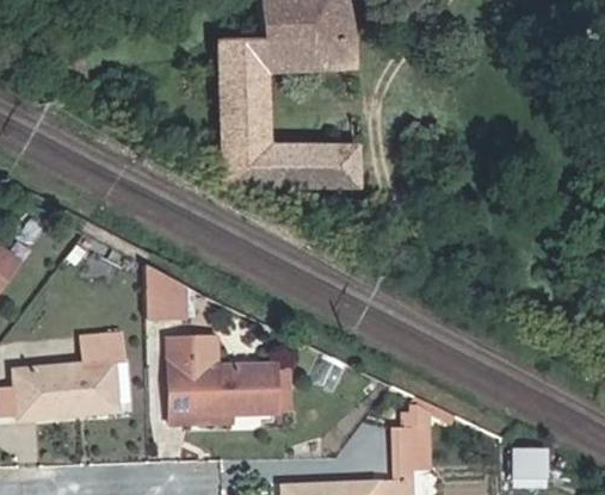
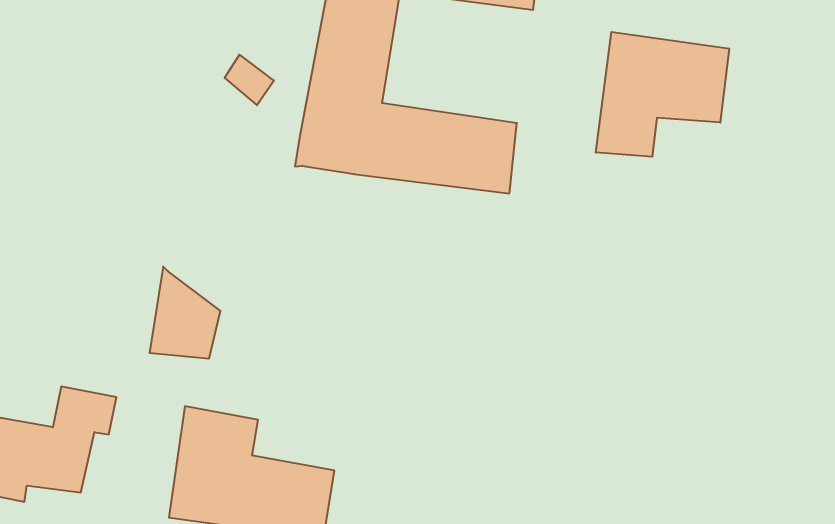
building: none -> [596,32,729,157]

